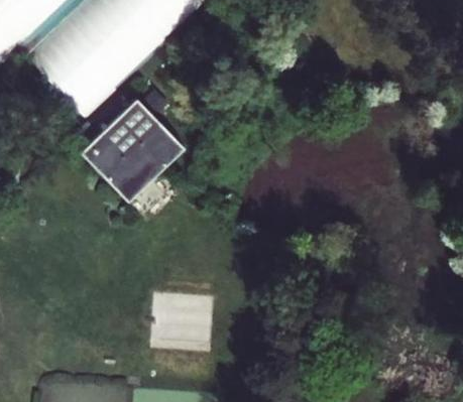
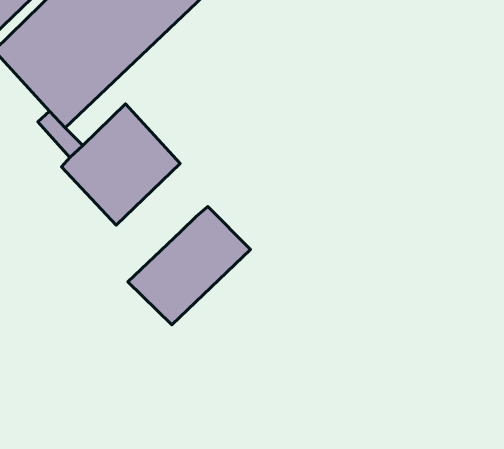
building: none -> [128,206,251,325]

